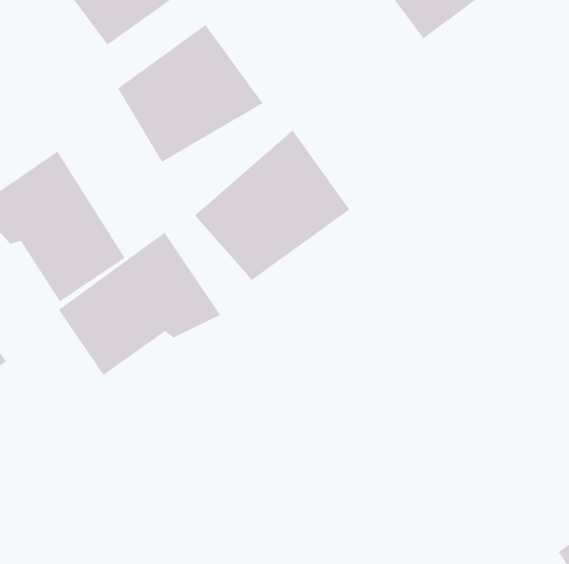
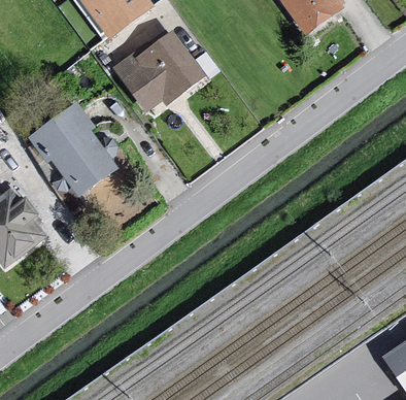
building: [194,129,350,281] -> none
building: [58,232,221,376] -> none

